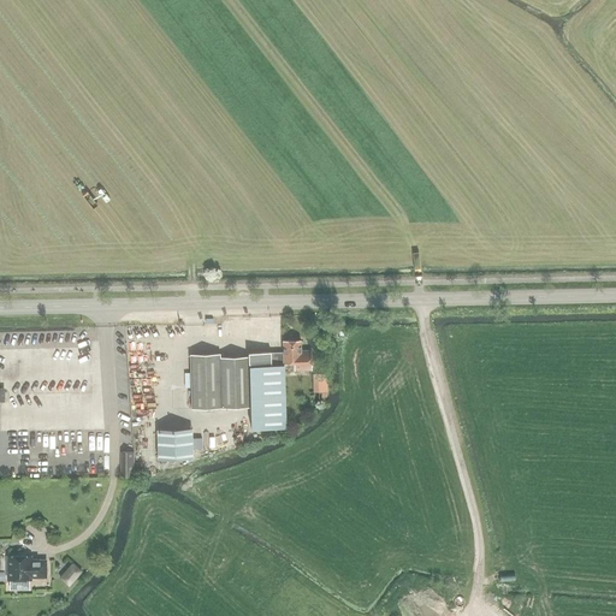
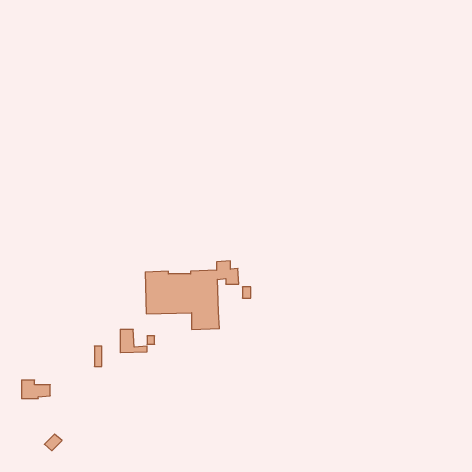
building: [7,555,45,579] -> [22,380,50,399]

